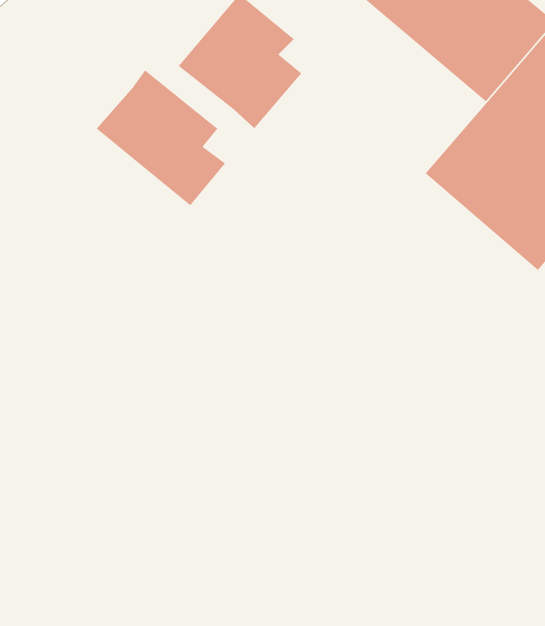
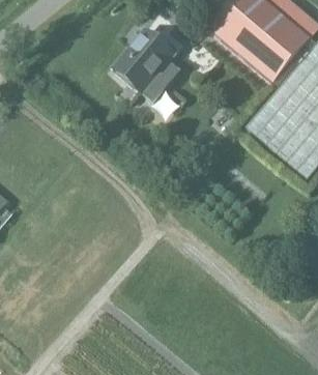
building: [96,70,226,206] -> none

